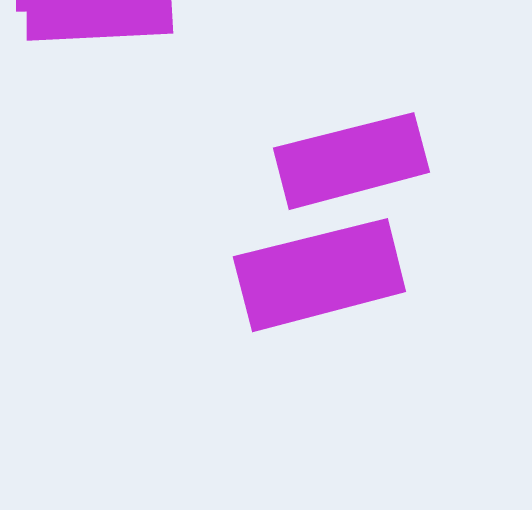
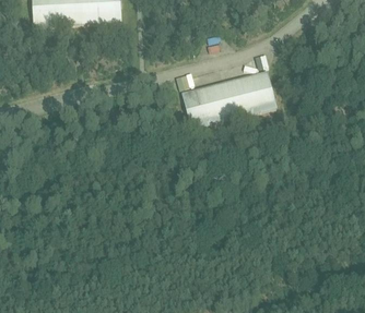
building: [232,217,407,333] -> none

